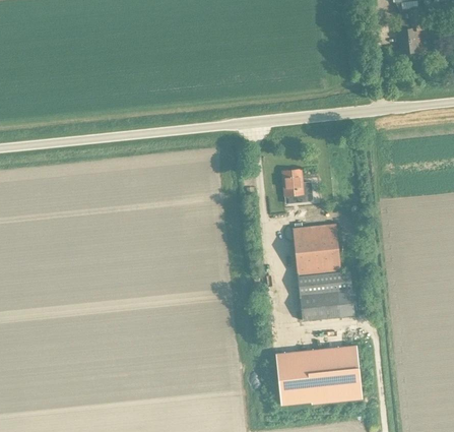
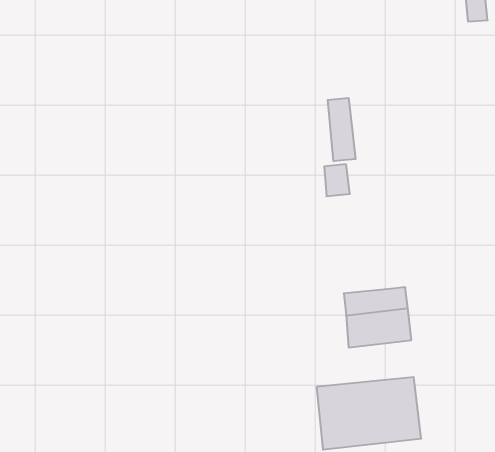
building: none -> [328,98,356,161]
building: [294,225,340,276] -> none

